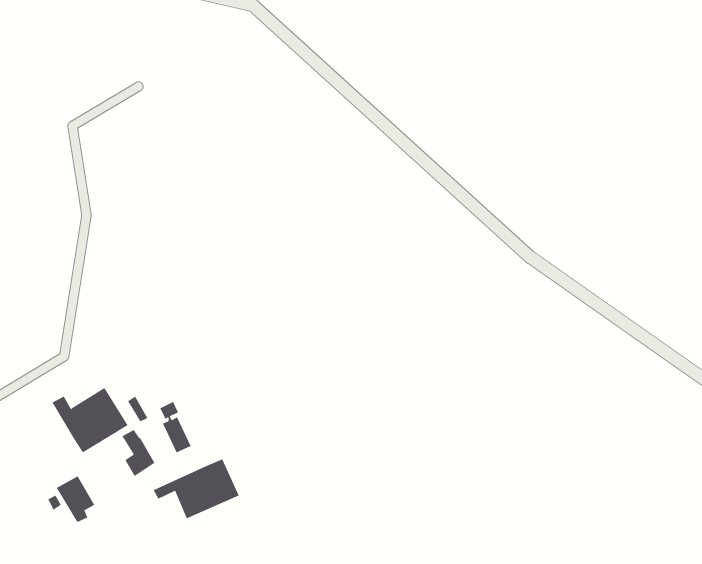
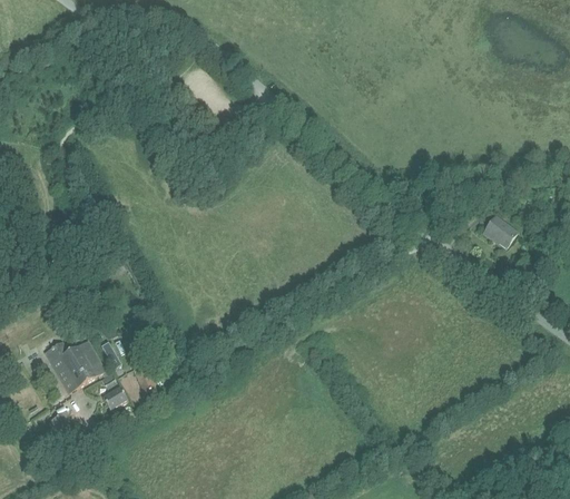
building: none -> [483,215,517,246]
building: [153,459,239,519] -> none

